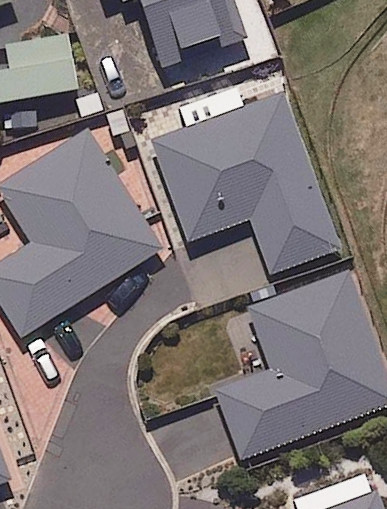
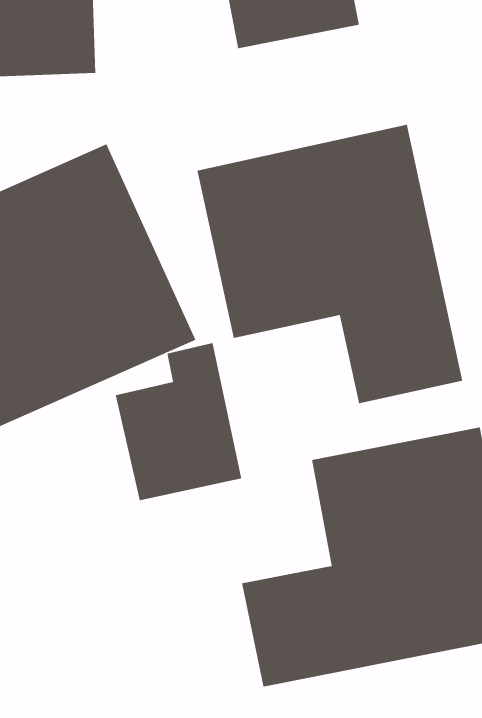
building: none -> [115,342,242,501]

